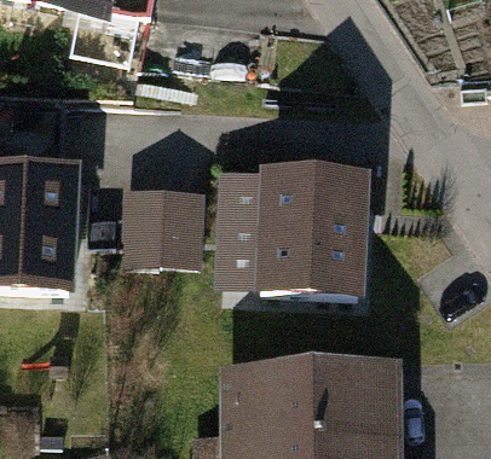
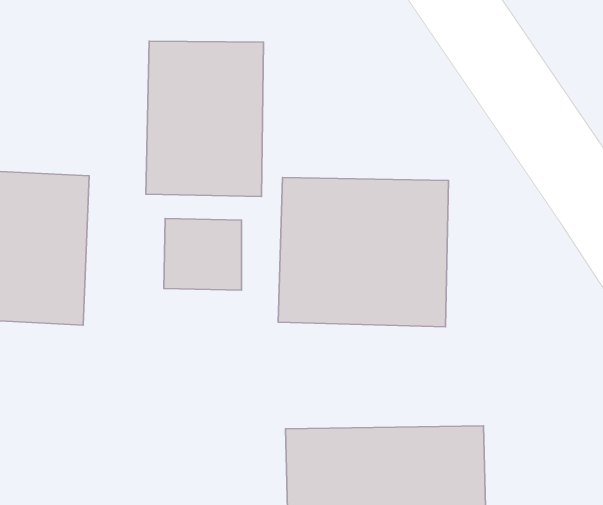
building: none -> [146,41,264,196]

